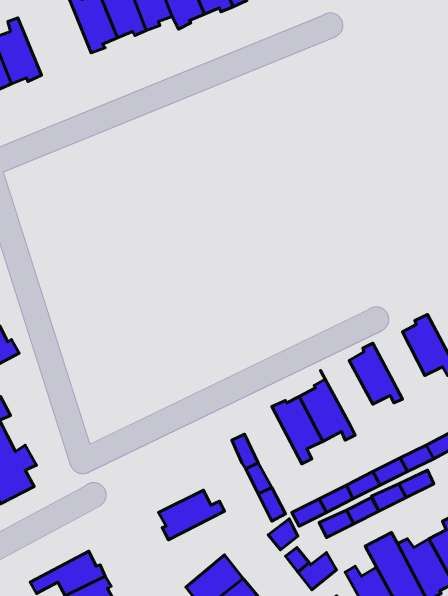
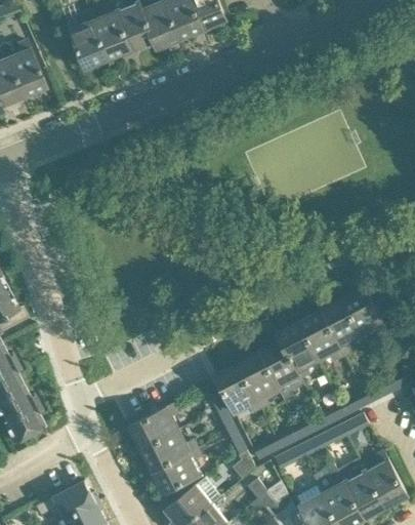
building: none -> [319,300,362,356]
building: none -> [276,324,319,377]
building: none -> [216,362,260,413]
building: none -> [128,404,179,449]
building: none -> [151,448,201,493]

